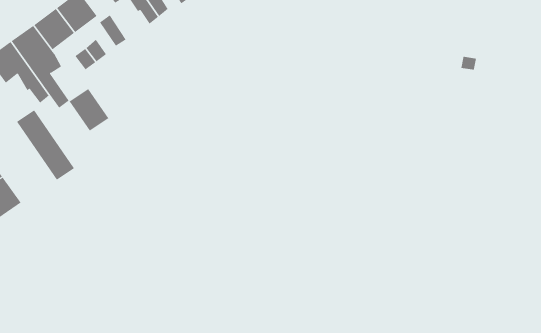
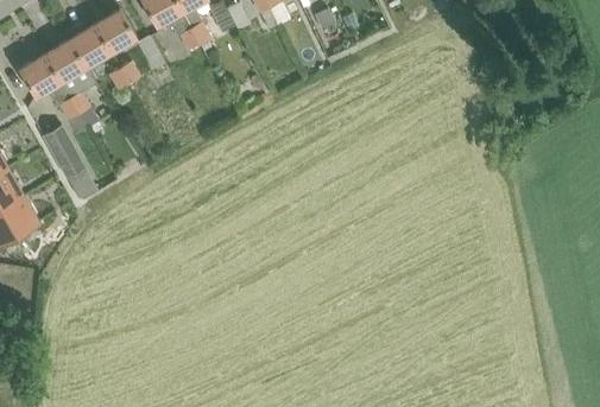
building: [69,88,109,131] -> none

